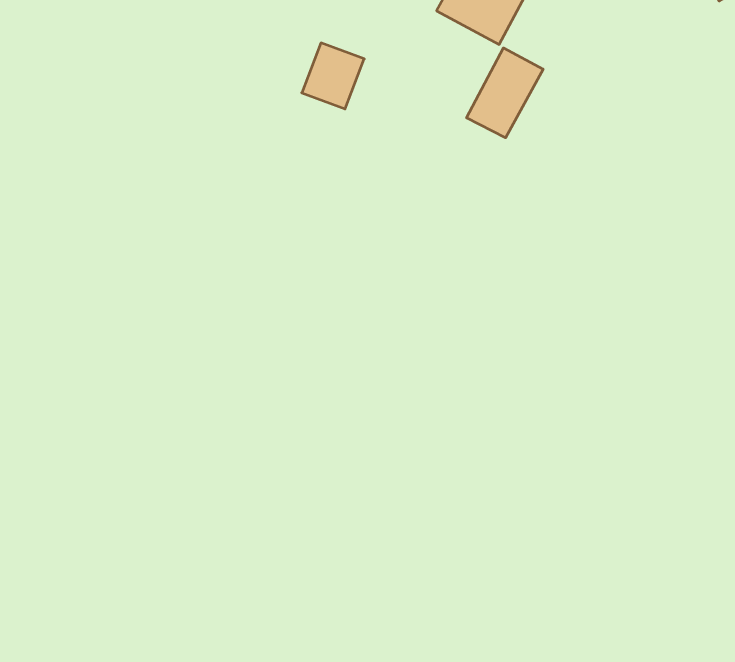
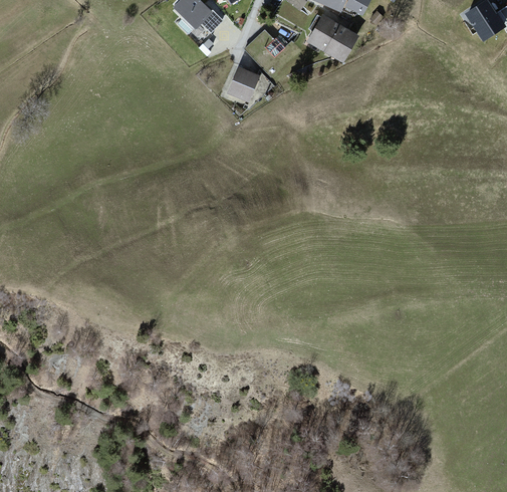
building: [467,48,543,138] -> none

